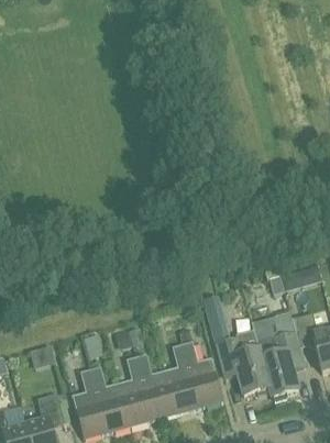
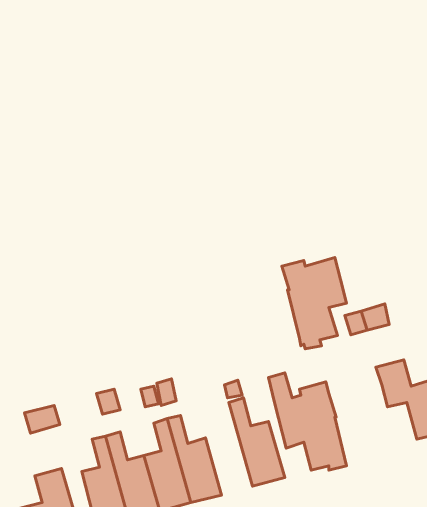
building: [256,330,305,398] -> [282,257,346,349]
building: [164,343,199,412] -> none

